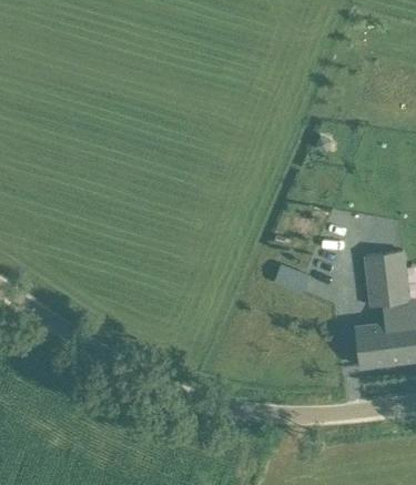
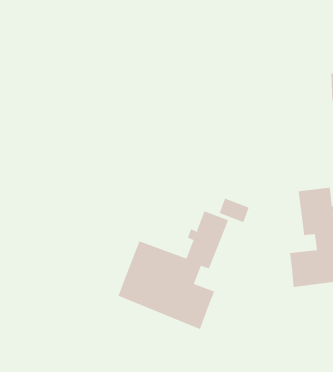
building: none -> [118,210,229,330]

